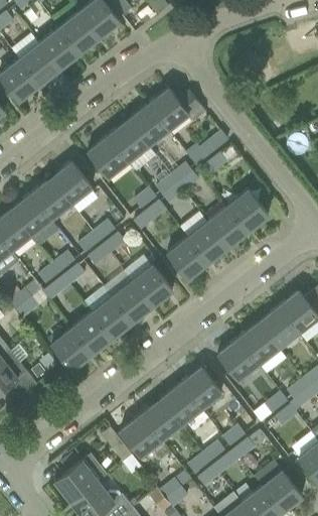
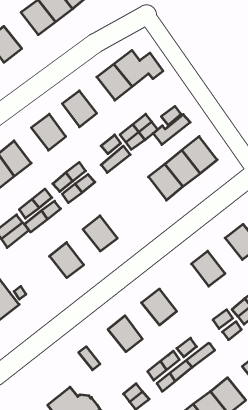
building: [19,43,59,86] -> none
building: [108,119,149,161] -> none
building: [185,130,228,165] -> [153,114,190,145]
building: [31,178,71,220] -> none
building: [167,236,209,279] -> none
building: [132,265,172,307] -> none
building: [93,297,132,339] -> none
building: [258,307,298,349] -> none
building: [51,329,93,370] -> none
building: [217,338,259,380] -> none
building: [161,383,201,425] -> none
building: [121,414,162,457] -> none
building: [54,454,107,503] -> none

